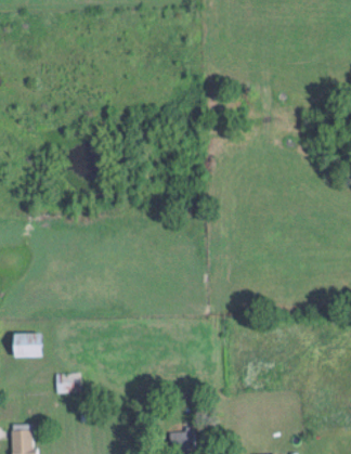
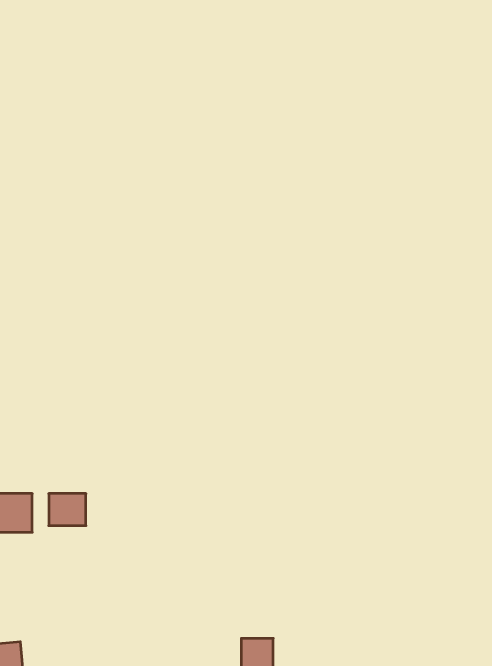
building: [58,373,82,393] -> [49,494,86,526]

